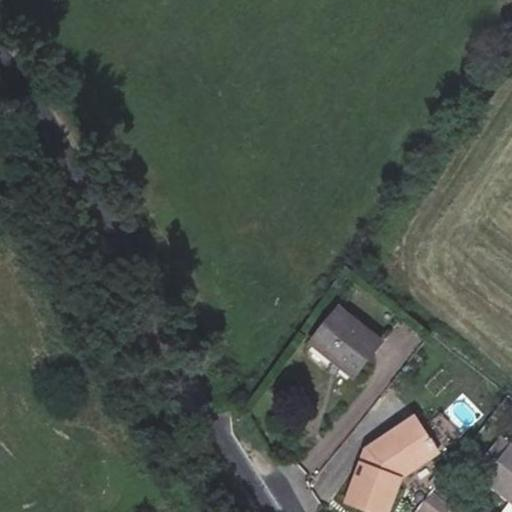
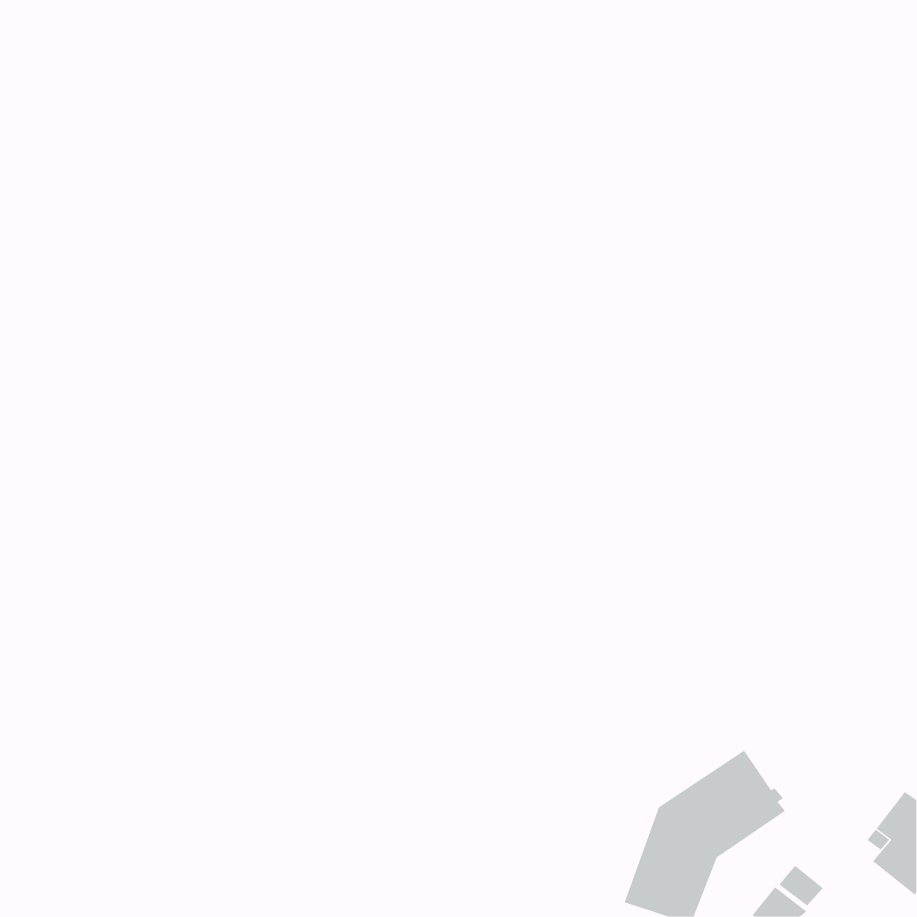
building: [310,307,381,376] -> none

